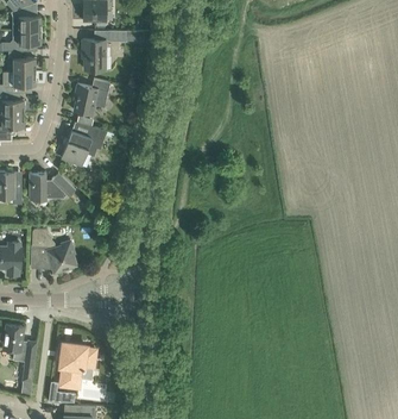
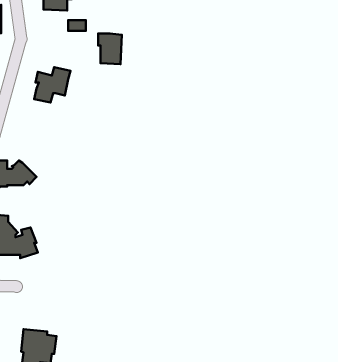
building: [82,39,106,70] -> [98,34,122,64]
building: [62,125,107,163] -> none

